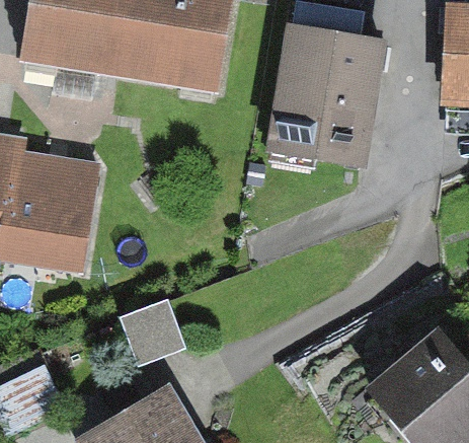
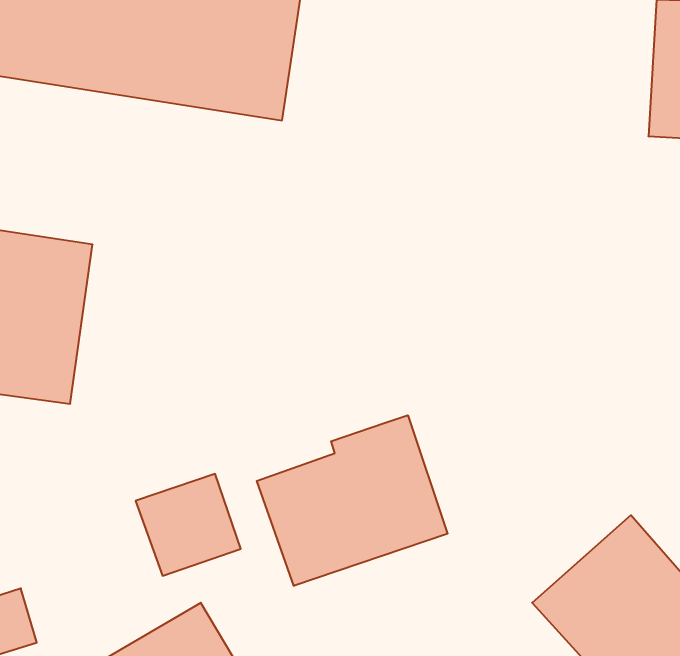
building: [272,28,381,160] -> none
building: none -> [257,415,448,586]

